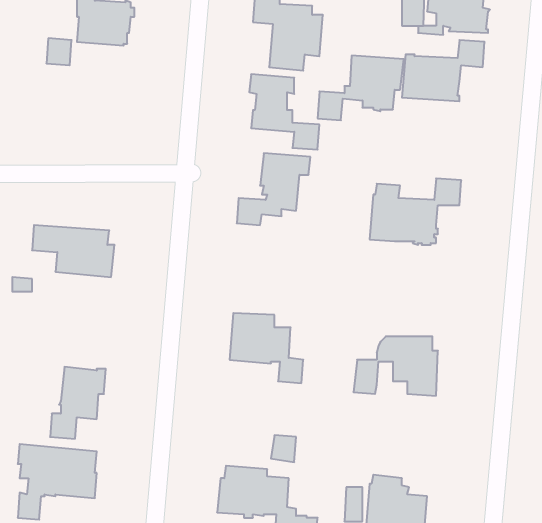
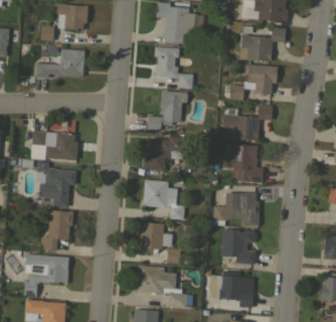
building: [318,56,404,120] -> [229,64,278,101]
building: none -> [34,49,85,78]
building: none -> [144,136,189,170]
building: none -> [224,144,264,183]
building: none -> [36,162,76,207]
building: none -> [139,222,173,255]
building: none -> [221,229,257,265]

